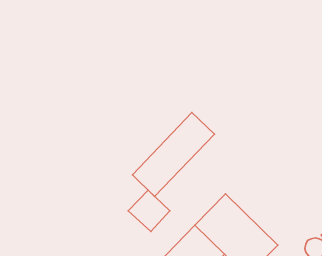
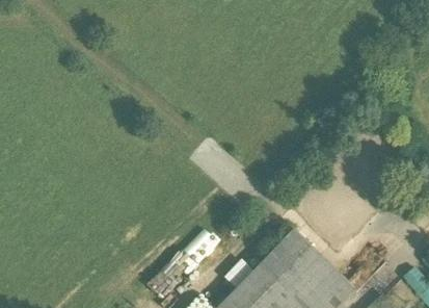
building: [133,112,214,196] -> none

